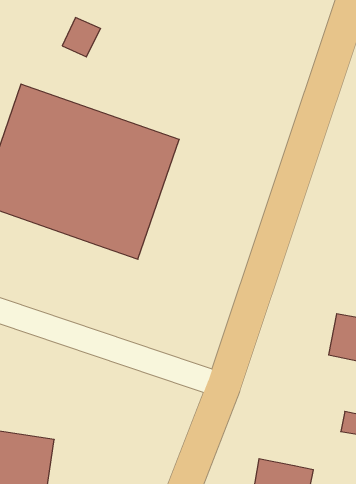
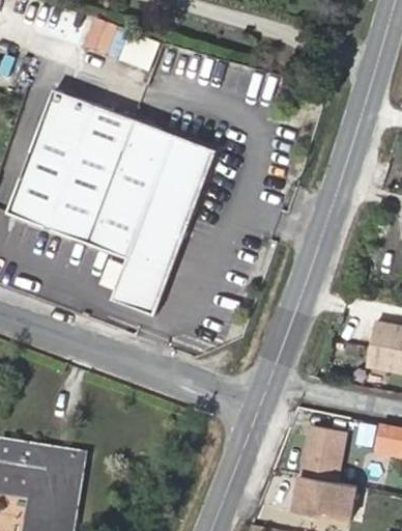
building: none -> [116,254,172,309]
building: none -> [296,424,342,481]

